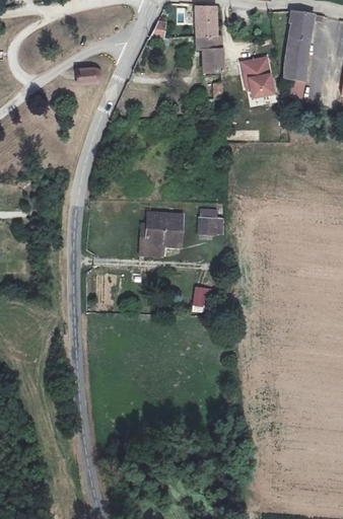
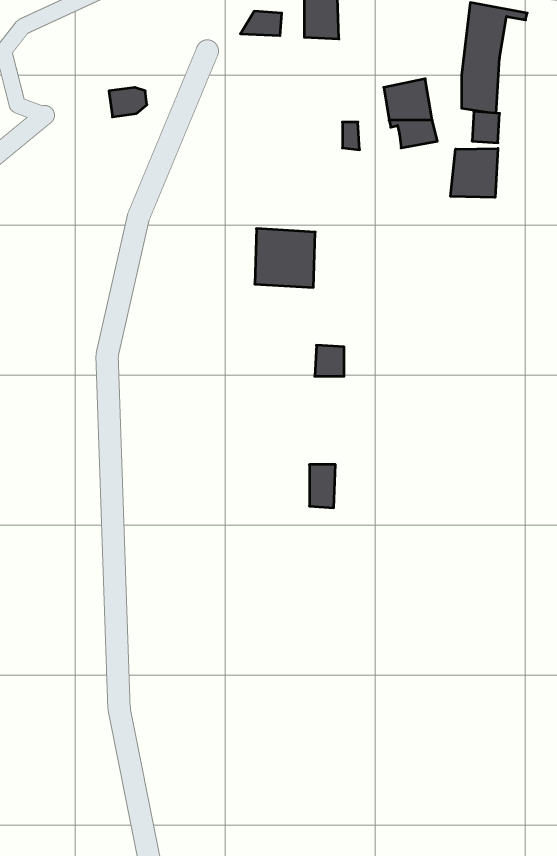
building: [192,35,223,74] -> none
building: none -> [451,148,498,197]
building: [146,212,182,246] -> [255,229,315,287]

